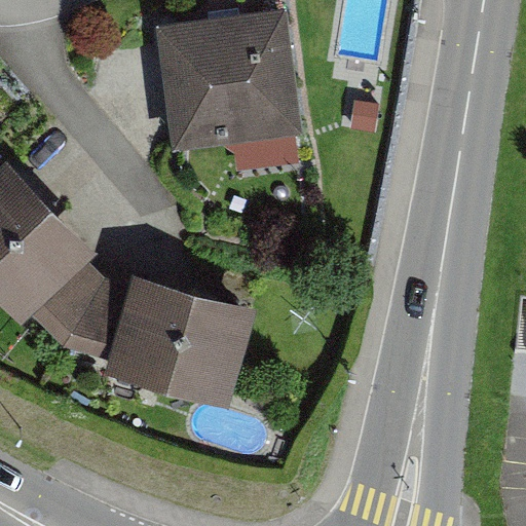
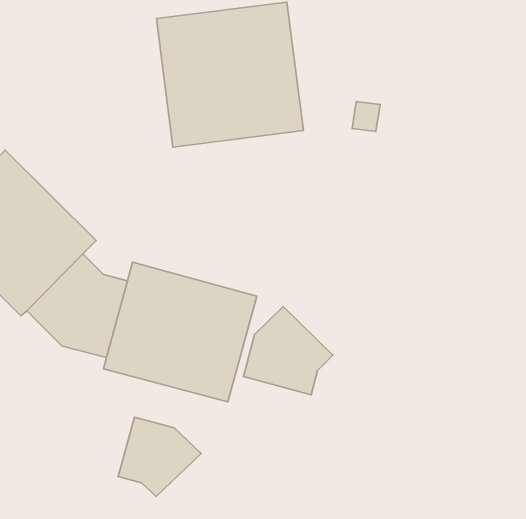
building: none -> [243,307,333,395]
building: none -> [118,417,201,496]

